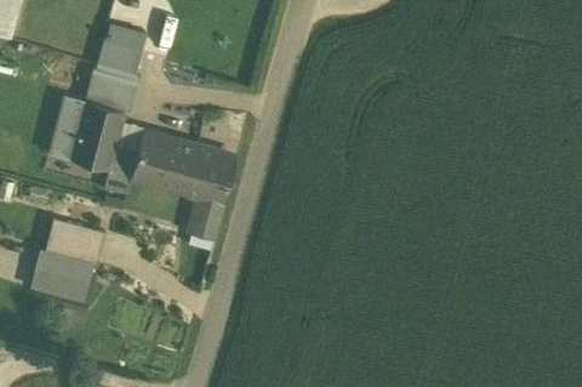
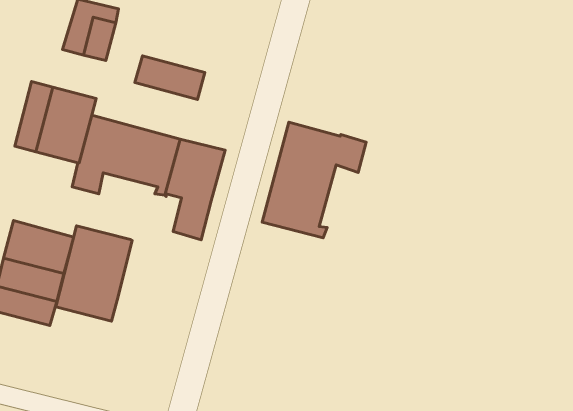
building: [85,69,131,112] -> none
building: none -> [135,56,205,99]
building: none -> [262,122,366,238]
building: none -> [56,226,132,321]

